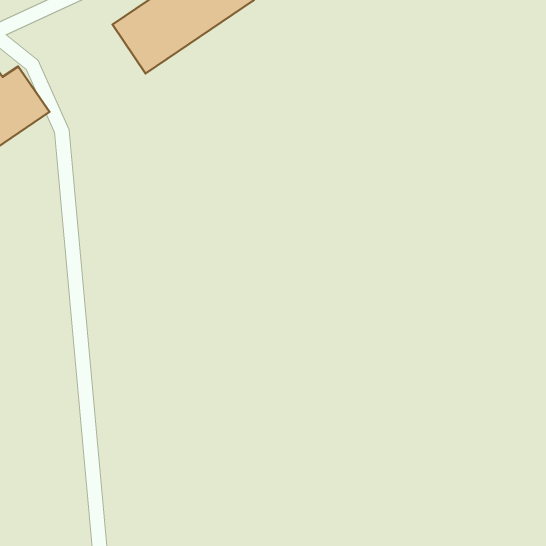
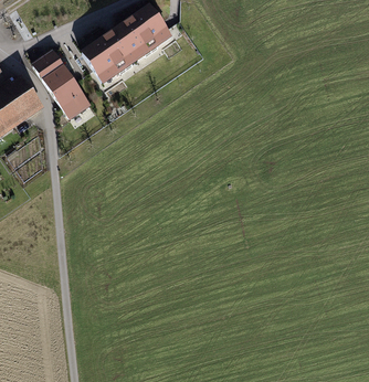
building: none -> [32,49,89,117]

